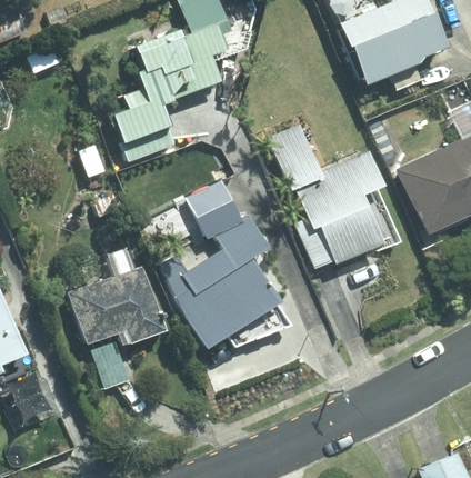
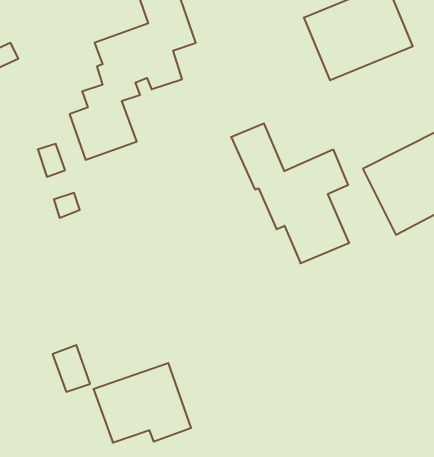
building: [162,181,280,348] -> none
building: [70,266,166,343] -> [93,363,191,443]

